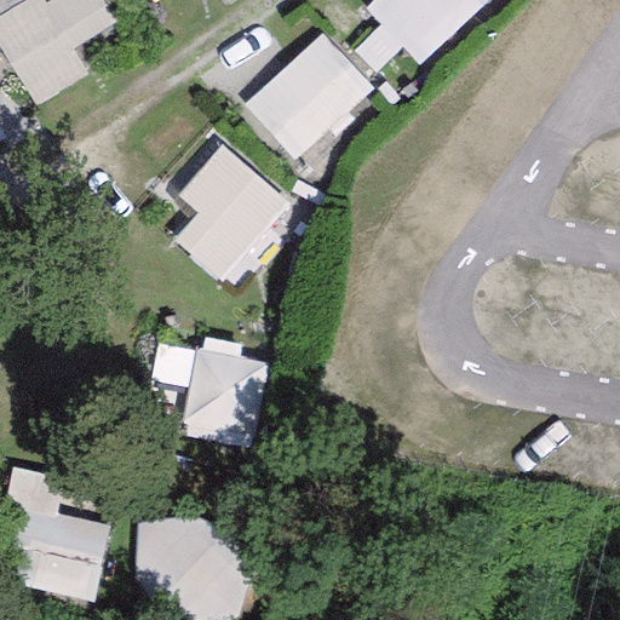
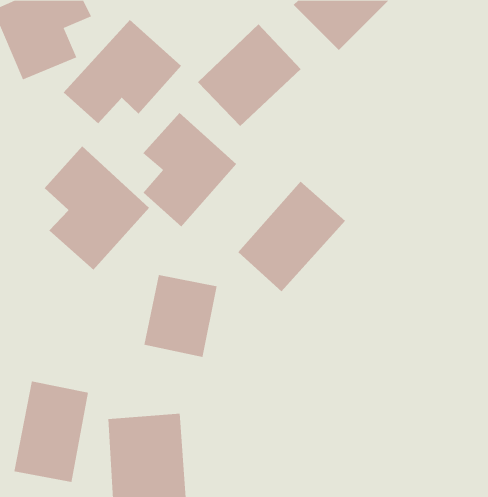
building: none -> [63,19,182,124]
building: none -> [44,146,150,270]
building: none -> [237,181,346,292]

